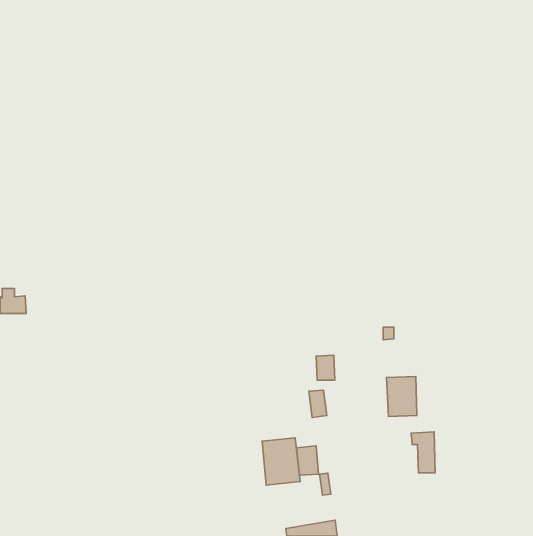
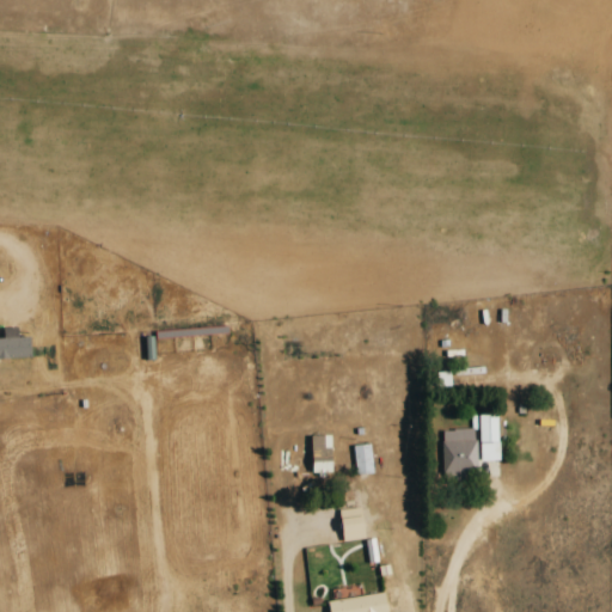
building: [316,355,335,380] -> [312,435,333,464]
building: [411,432,435,473] -> [473,415,501,461]
building: [262,438,300,485] -> none

